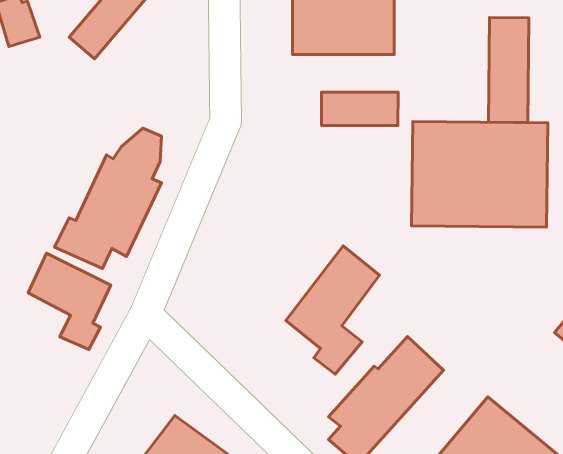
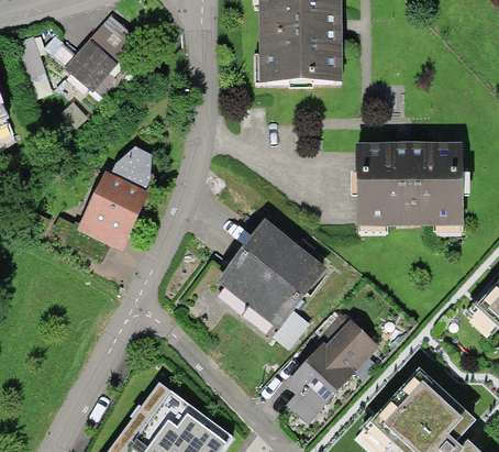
building: [488,17,529,123] -> none
building: [321,92,398,125] -> none
building: none -> [219,219,298,305]
building: [28,253,111,350] -> none

